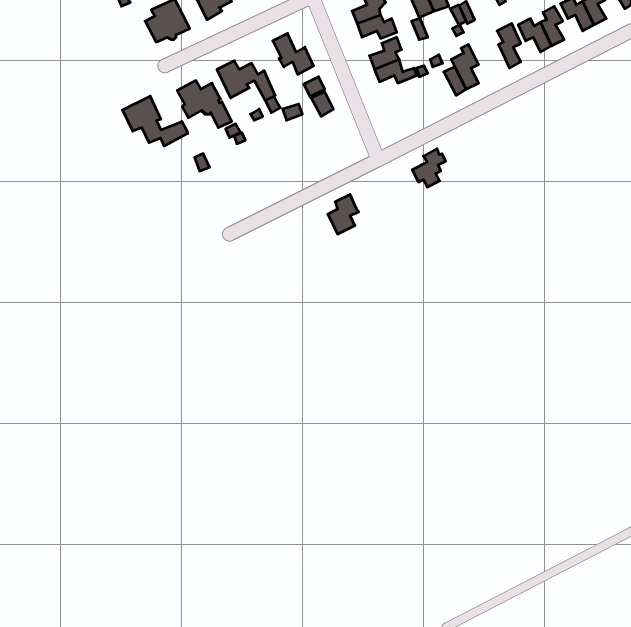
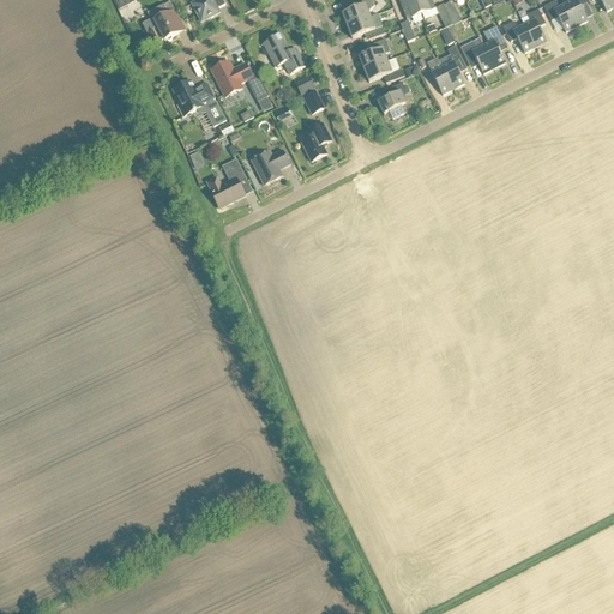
building: none -> [459,35,493,72]
building: [122,96,188,146] -> none
building: [412,149,446,187] -> [377,79,409,116]
building: none -> [251,148,289,183]
building: none -> [204,156,245,206]
building: [328,194,359,234] -> [300,121,330,159]

